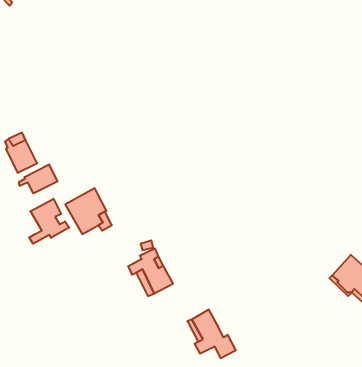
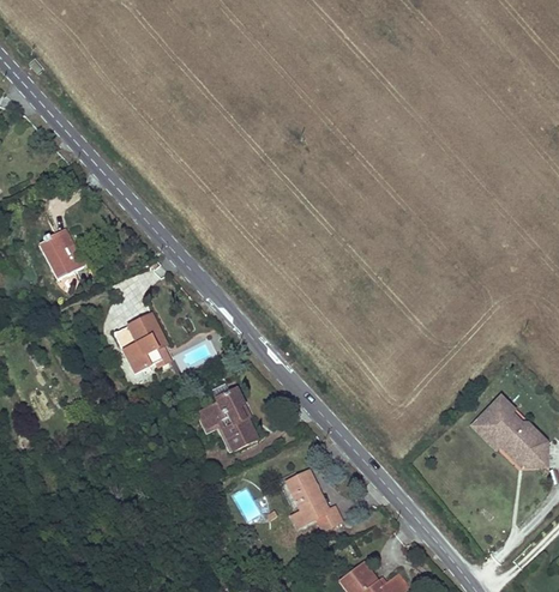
building: [19,164,57,193] -> none
building: [29,199,69,244] -> none

